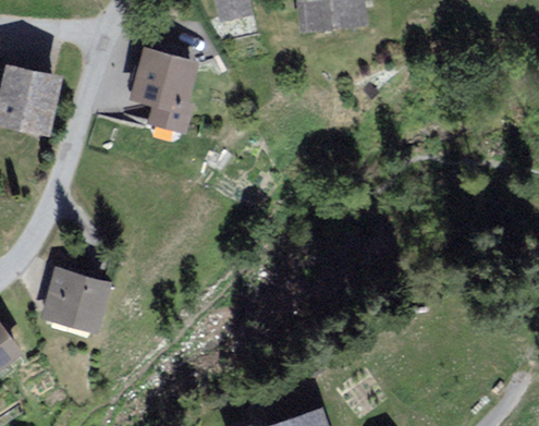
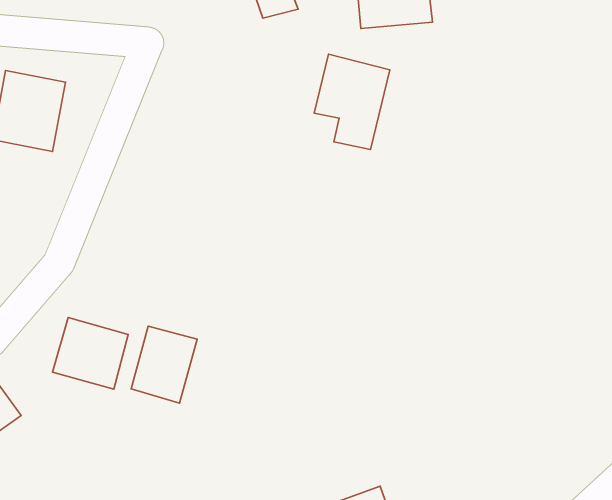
building: [135,49,198,129] -> [314,54,390,150]
building: none -> [131,326,197,403]

